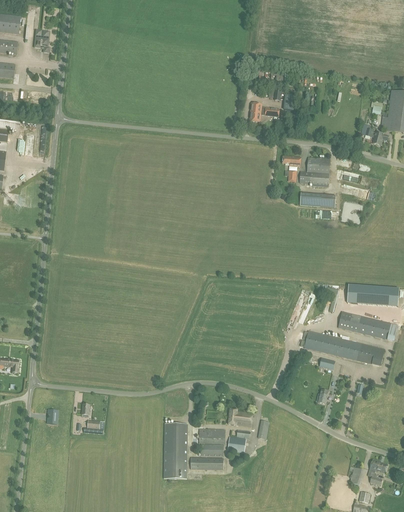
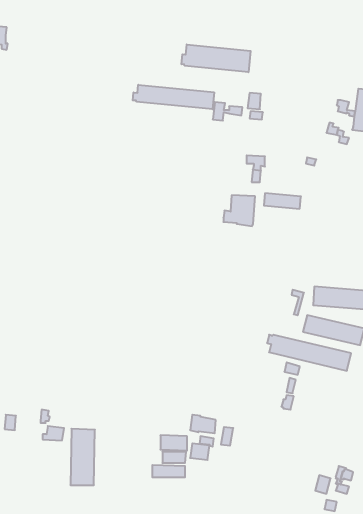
building: none -> [182,44,251,72]
building: none -> [133,85,214,109]
building: [299,156,330,186] -> [223,195,255,226]
building: [163,423,187,478] -> [70,429,95,485]

